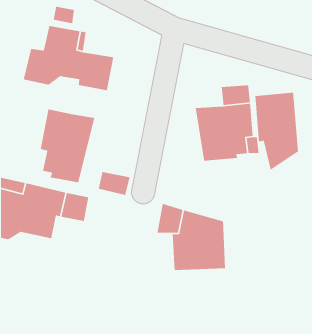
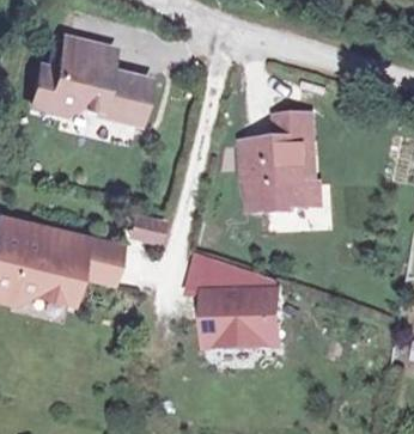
building: [254,92,299,171] -> none
building: [40,108,95,183] -> none

